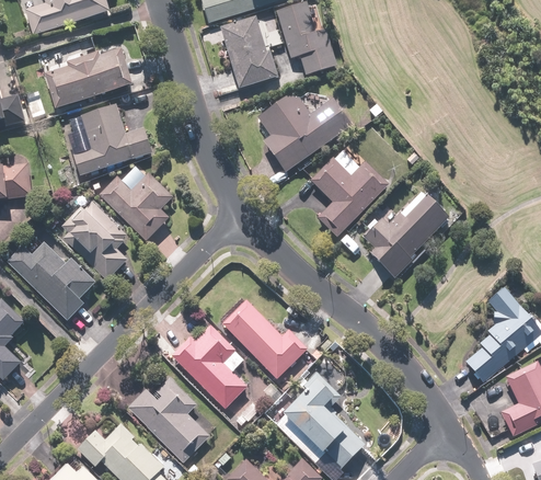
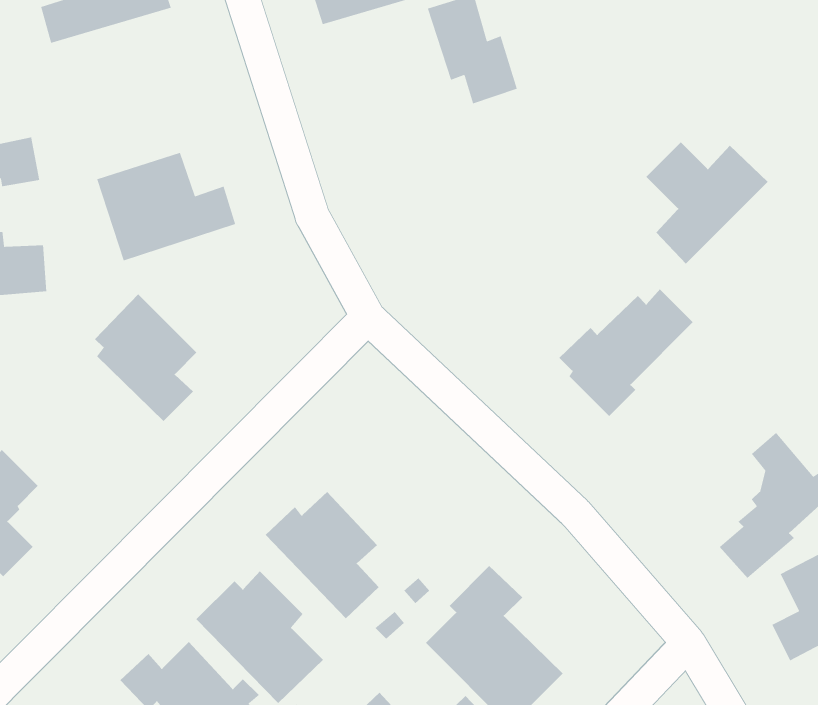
building: [202,19,277,89] -> none
building: [45,49,134,107] -> none
building: [258,92,350,173] -> none
building: [310,158,390,238] -> [645,141,769,265]
building: [97,165,174,241] -> none
building: [5,242,95,321] -> none
building: [221,297,309,378] -> none

